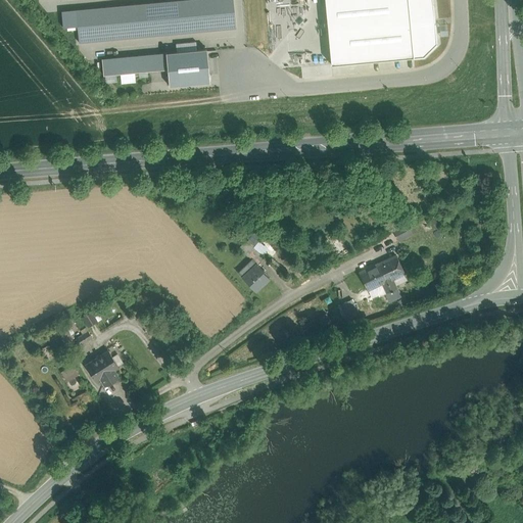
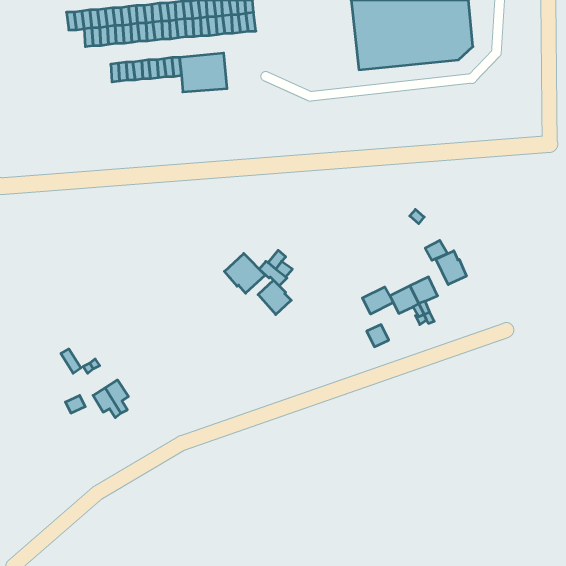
building: none -> [436,251,466,285]
building: none -> [224,253,265,293]
building: none -> [362,287,393,314]

